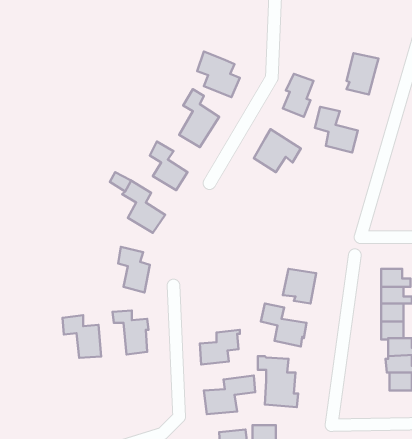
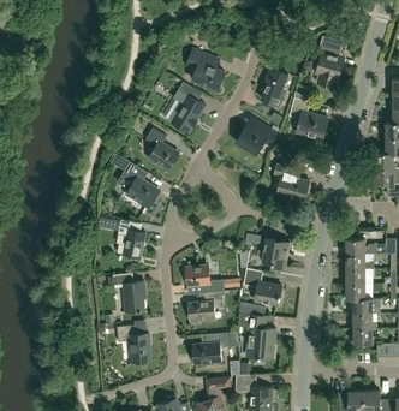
building: none -> [274,163,309,201]
building: none -> [185,266,240,293]
building: [62,315,101,358] -> [117,324,150,362]

